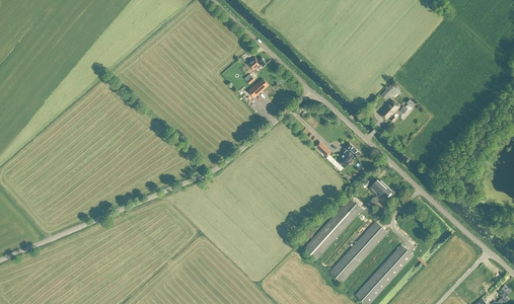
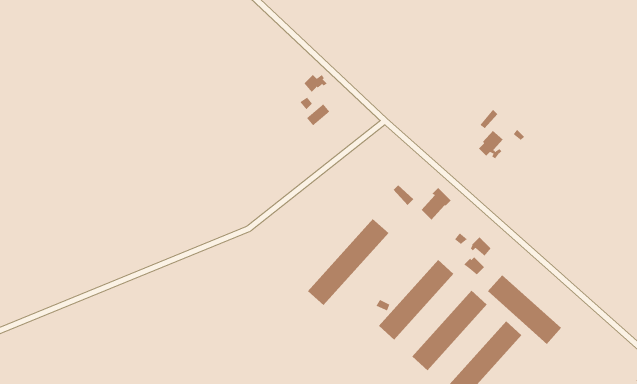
building: none -> [307,218,389,306]
building: none -> [487,274,562,345]

